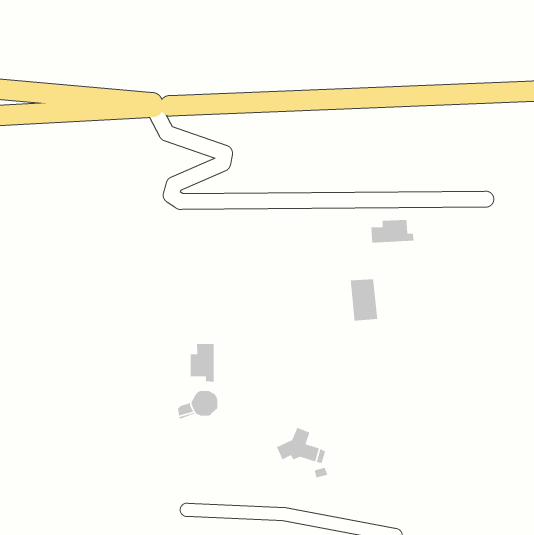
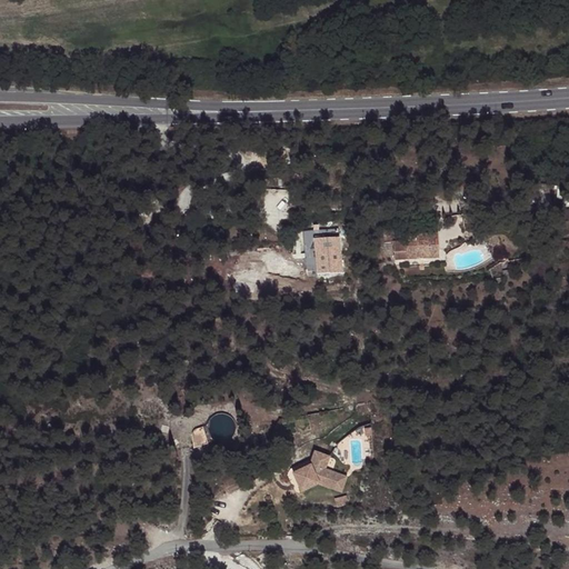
building: [350,278,378,321] -> [312,228,342,273]
building: [190,343,215,383] -> none

